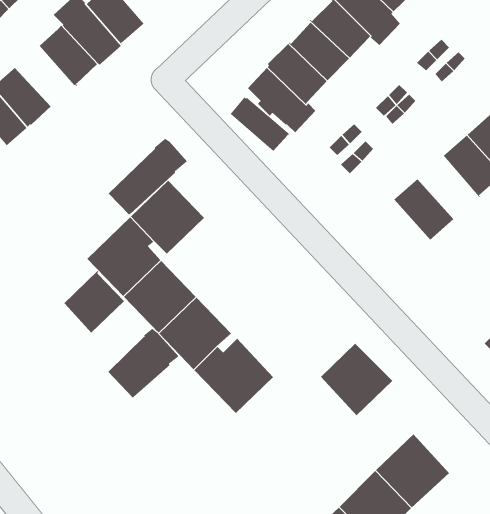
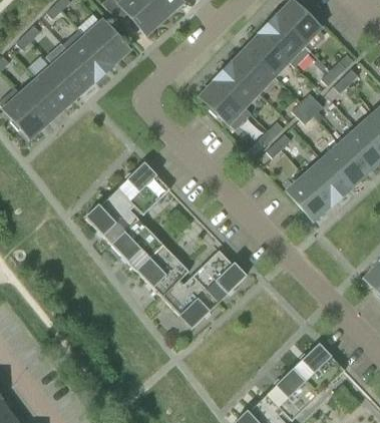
building: none -> [34,66,76,109]
building: [230,97,290,152] -> none
building: [108,138,188,216] -> none
building: none -> [321,144,364,189]
building: none -> [287,175,330,220]
building: [63,270,125,334] -> none
building: [107,328,179,398] -> none
building: [320,343,393,416] -> [193,250,245,302]

